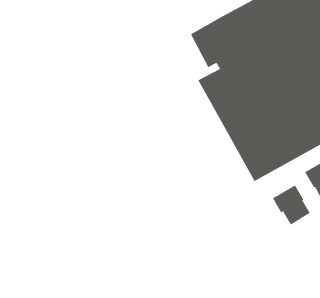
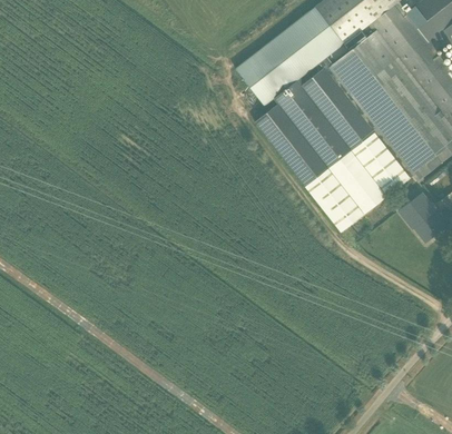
building: [272,185,311,225] -> none

